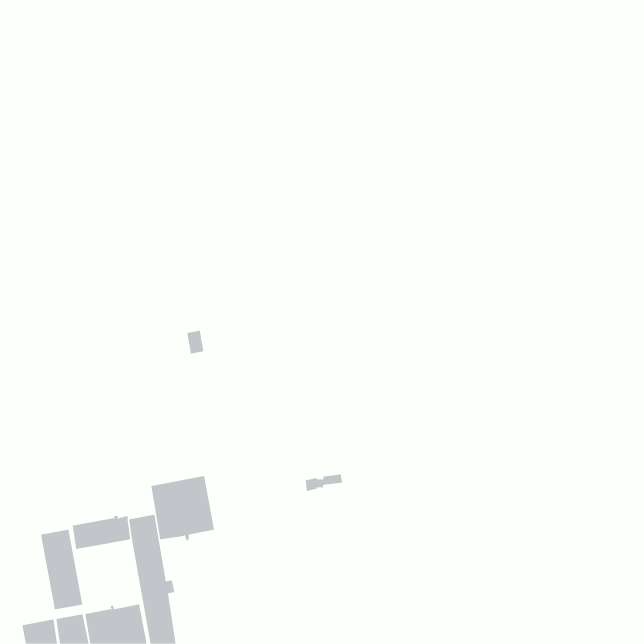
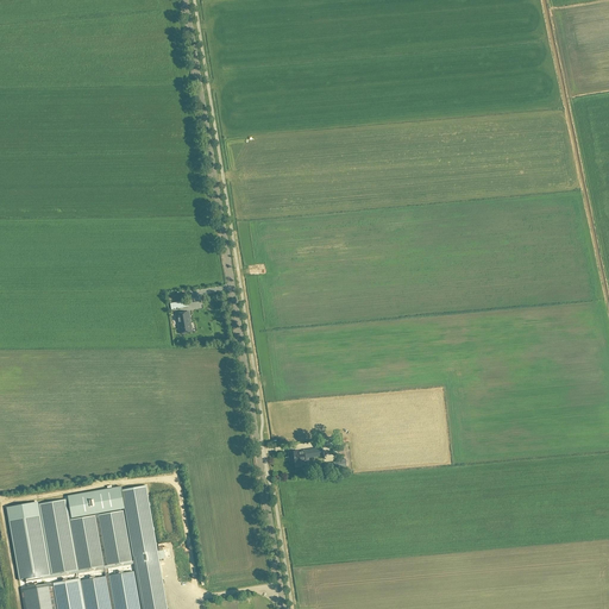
building: [151,476,215,541] -> [70,510,131,572]
building: none -> [6,503,50,582]

